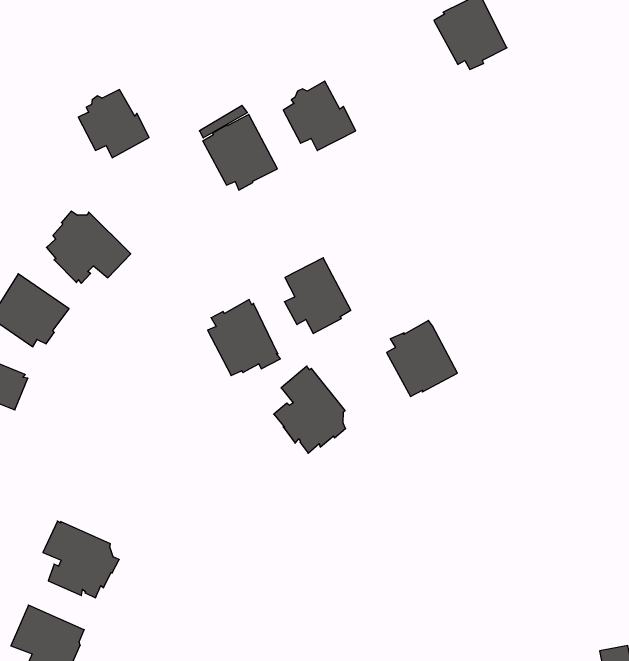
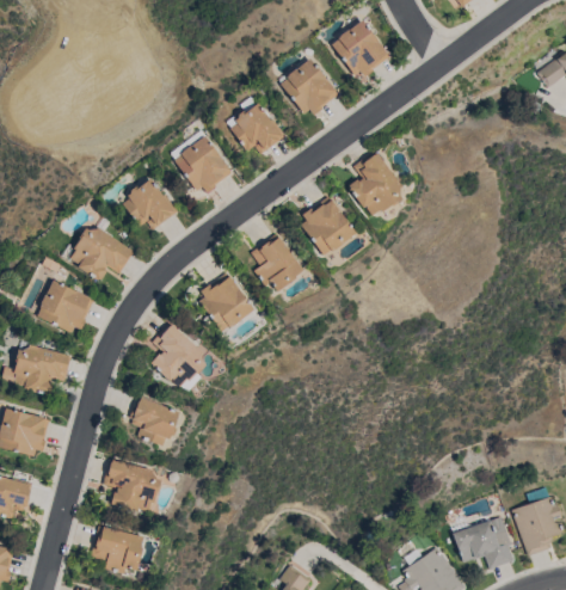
building: none -> [281,59,338,115]
building: [78,90,149,158] -> [123,178,178,229]
building: none -> [349,150,401,215]
building: [387,320,457,396] -> [301,196,356,254]
building: [274,366,346,453] -> [150,322,205,387]
building: none -> [129,393,179,445]

